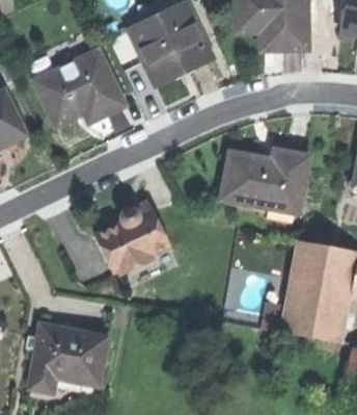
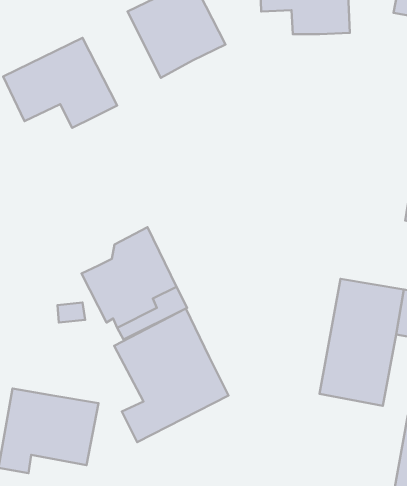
building: [223,151,308,212] -> none
building: none -> [114,309,229,442]

